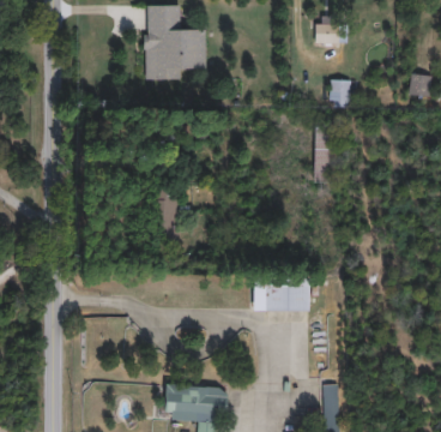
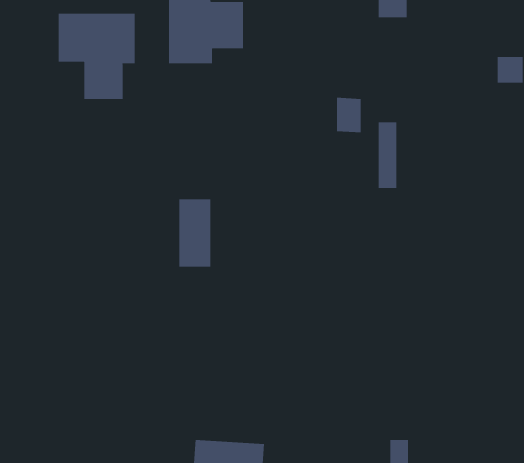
building: none -> [58,13,135,100]
building: [330,79,350,108] -> [336,97,361,133]
building: [253,280,309,311] -> none

